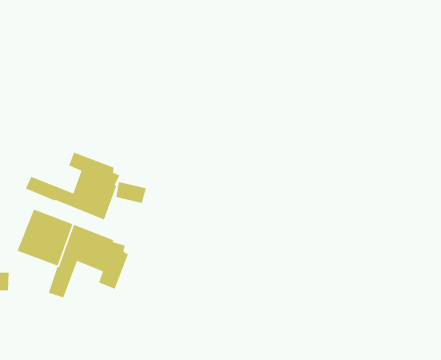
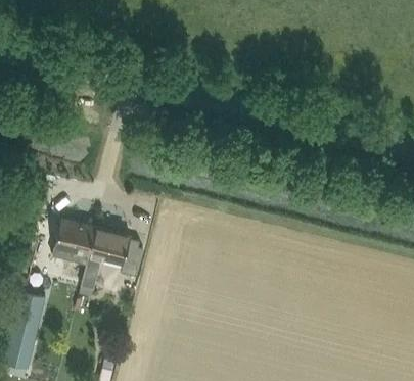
building: [25,151,121,220] -> none

